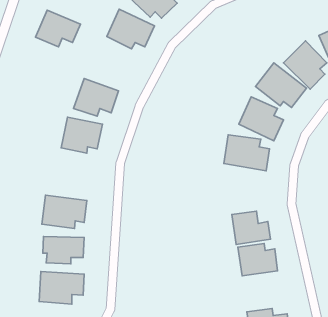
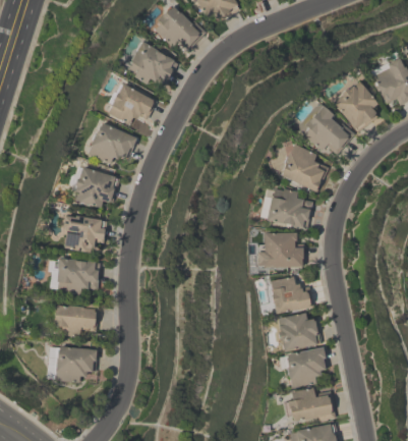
building: [36,10,80,47] -> [106,82,158,125]
building: none -> [61,214,108,253]
building: none -> [261,232,305,267]
building: none -> [284,346,330,388]

